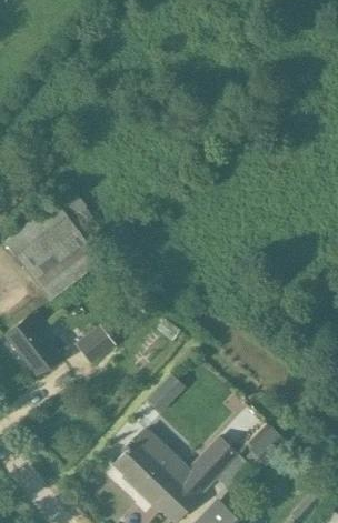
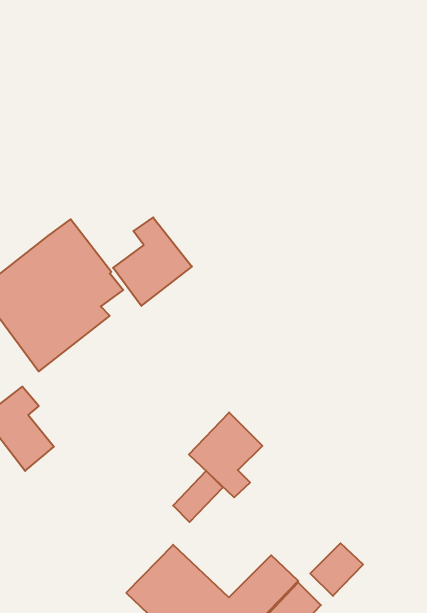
building: none -> [113,217,192,306]
building: [74,325,116,364] -> none
building: none -> [189,412,262,497]

